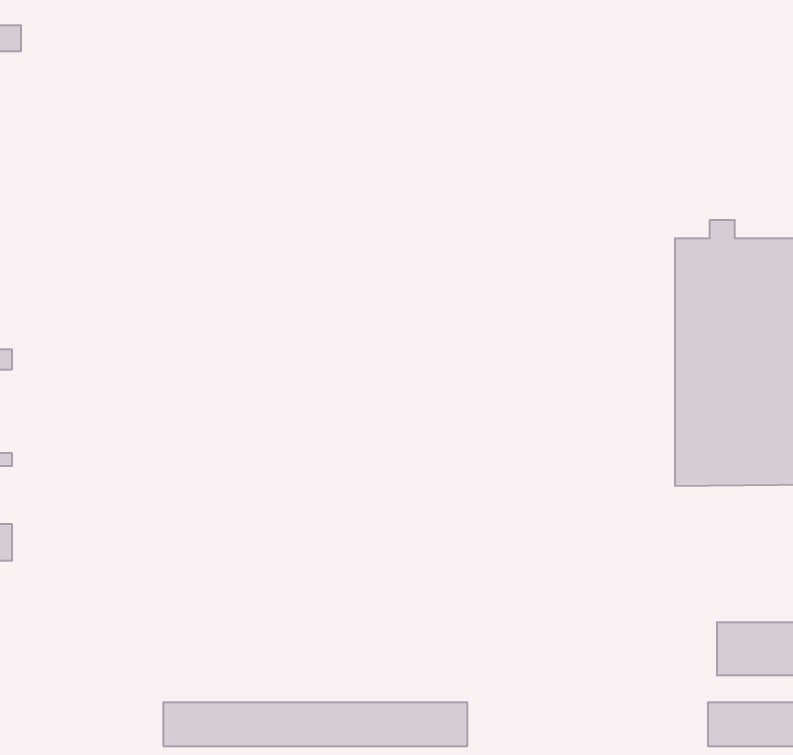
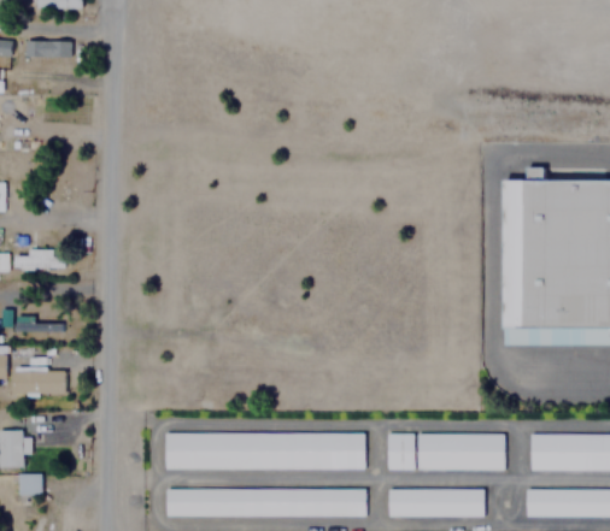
building: none -> [165,435,365,471]
building: none -> [387,435,505,471]
building: none -> [388,489,485,518]

